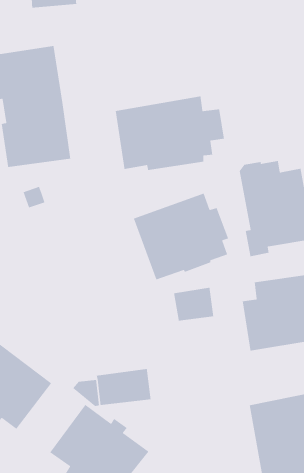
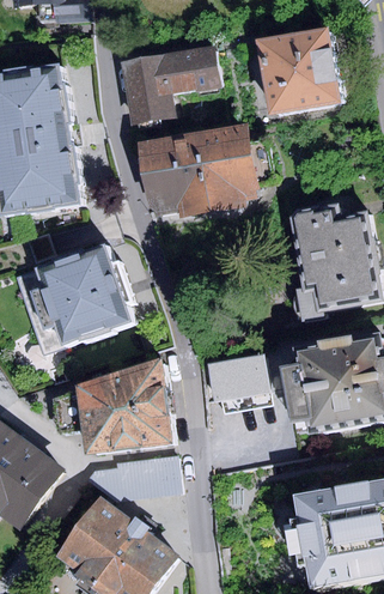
building: none -> [262,26,346,114]
building: none -> [118,44,223,122]
building: [133,192,229,281] -> [22,247,138,353]
building: none -> [53,357,173,453]

